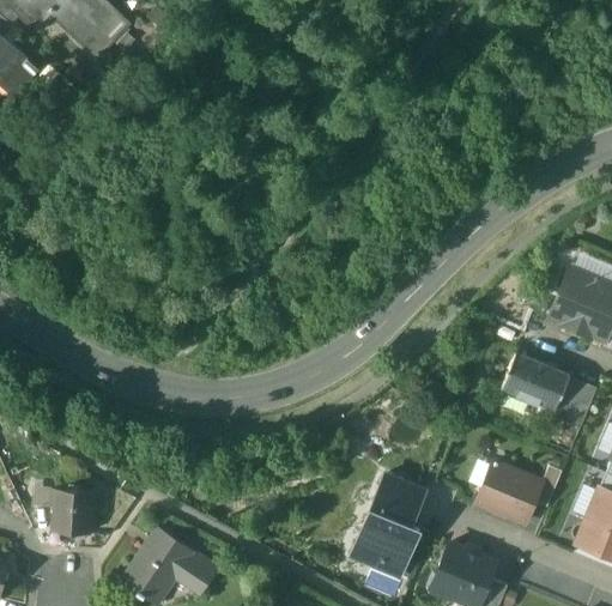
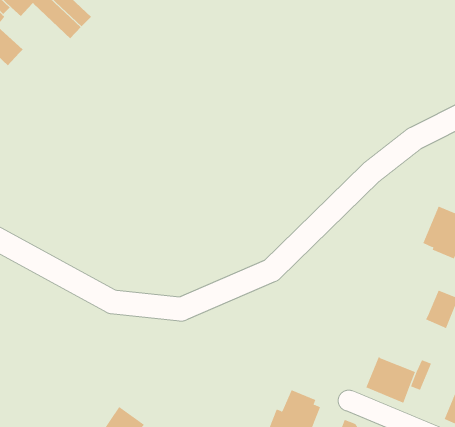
building: [501,352,570,410] -> none
building: [374,474,424,517] -> none
building: [50,487,91,534] -> none

